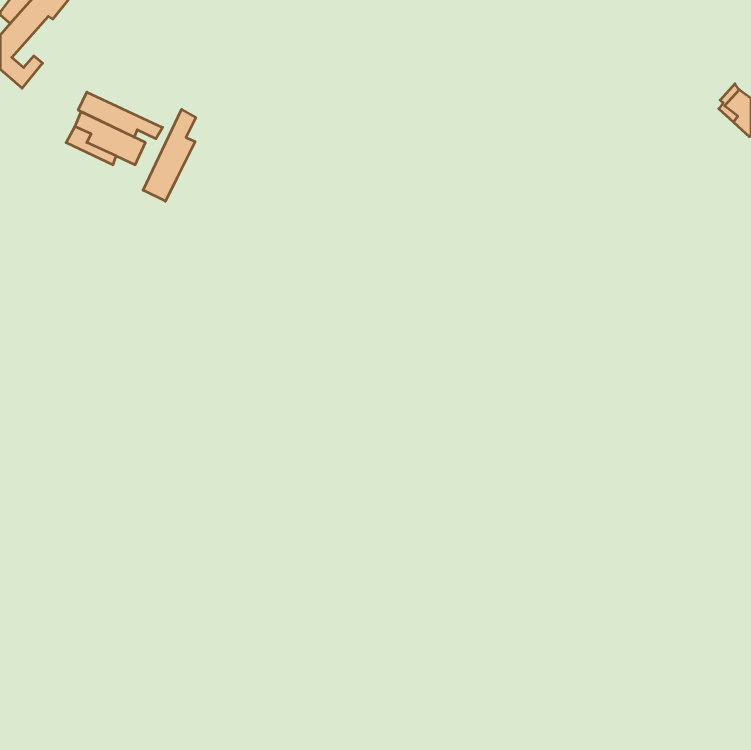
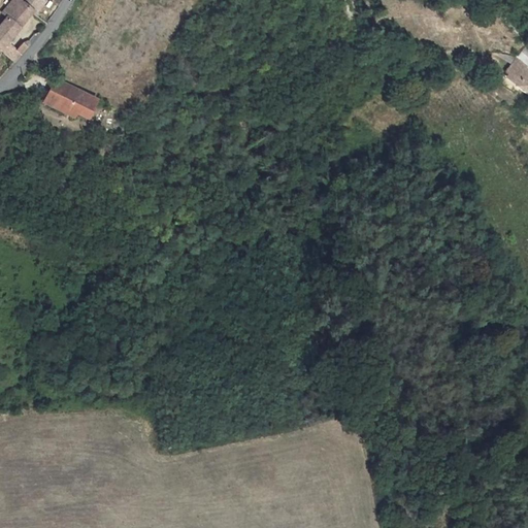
building: [78,92,163,139] -> none
building: [143,109,196,201] -> none

